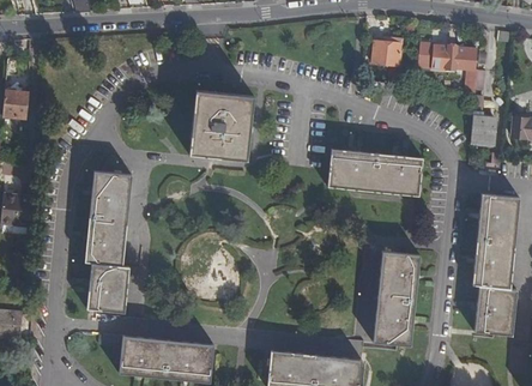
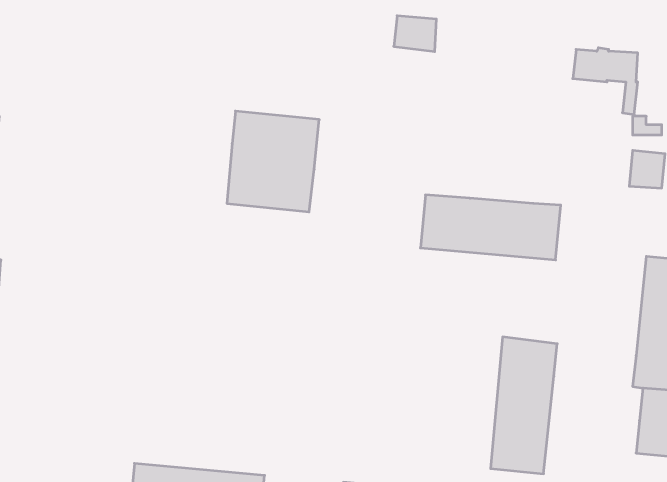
building: [370,42,400,67] -> [394,16,436,52]
building: [85,173,133,315] -> none

